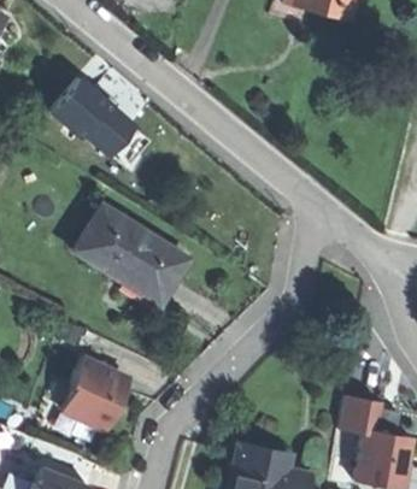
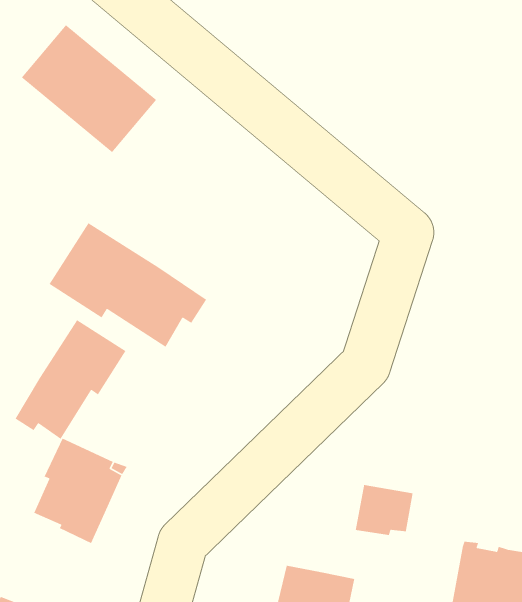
building: none -> [14,319,126,440]
building: [337,396,378,432] -> [355,484,413,536]

